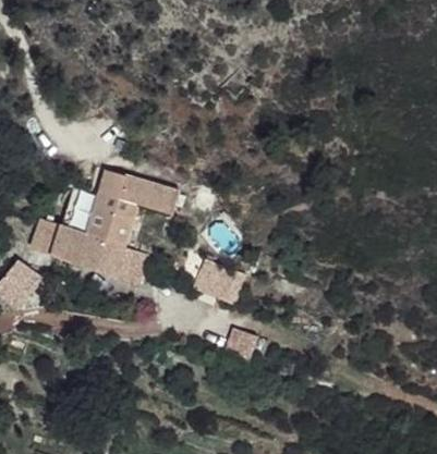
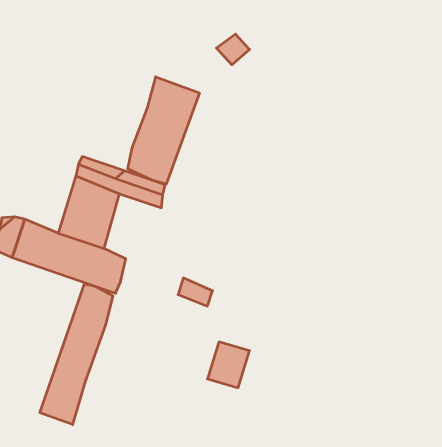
building: none -> [128,77,199,184]
building: none -> [40,284,113,425]

